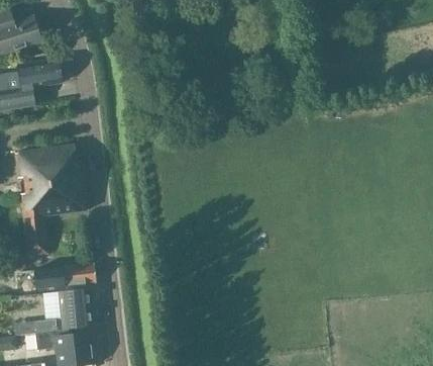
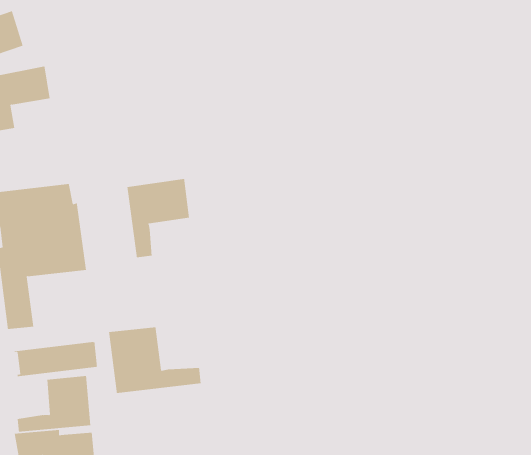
building: none -> [127,178,190,258]
building: none -> [109,326,201,394]

